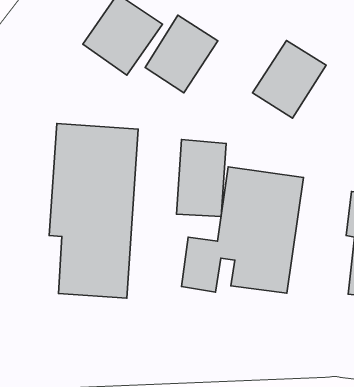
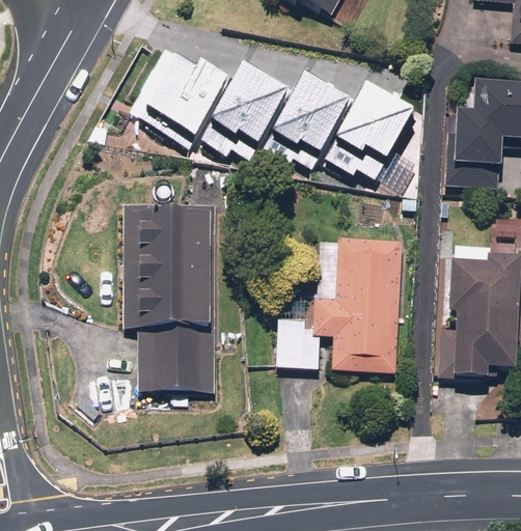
building: none -> [276,79,356,165]
building: [176,139,226,216] -> none

